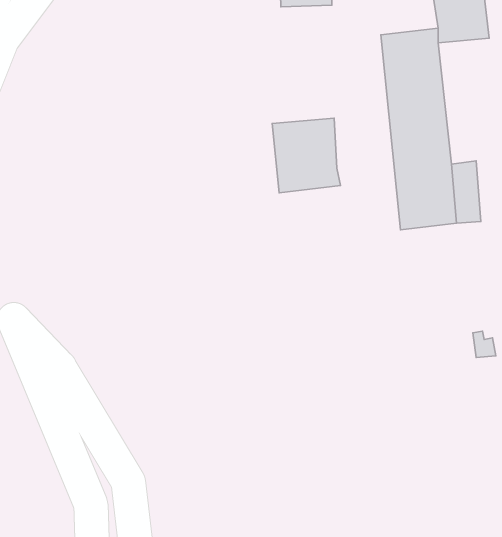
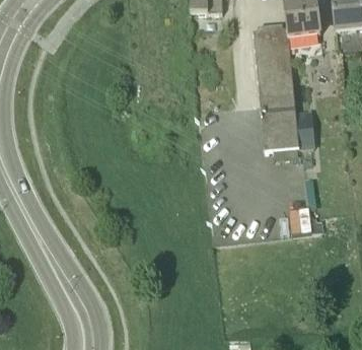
building: [272,118,341,193] -> none

